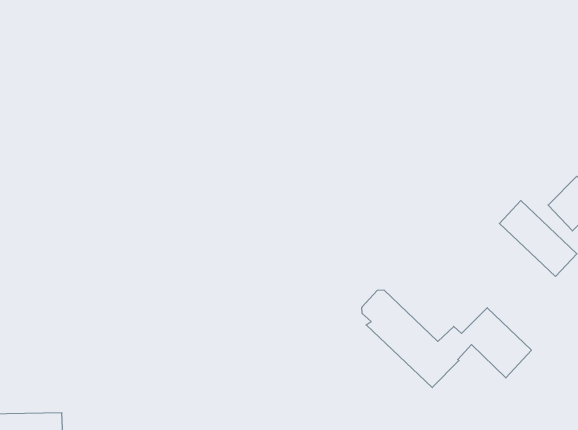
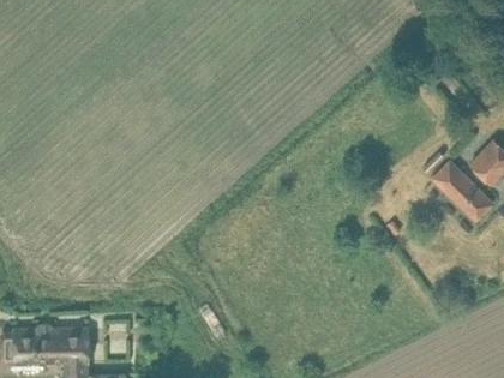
building: [362,290,531,388] -> none

